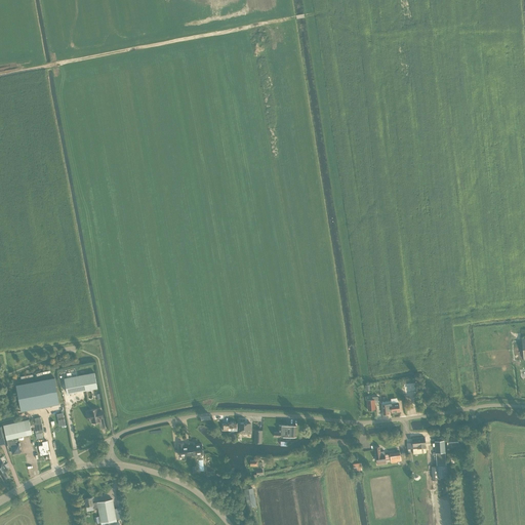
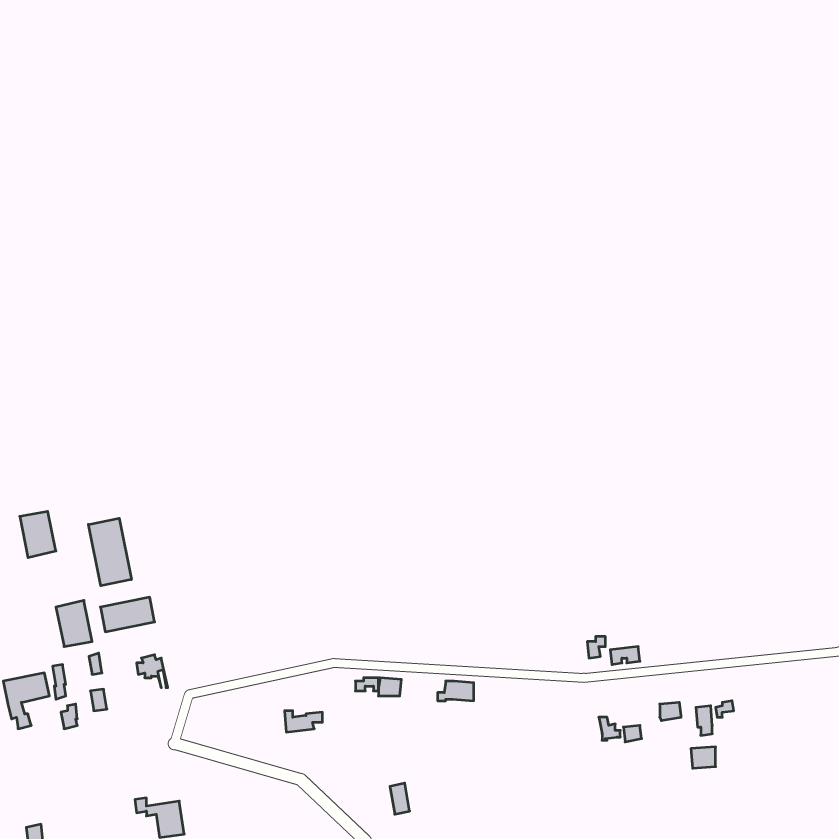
building: none -> [88,518,131,586]
building: [17,379,40,408] -> [20,511,56,558]

